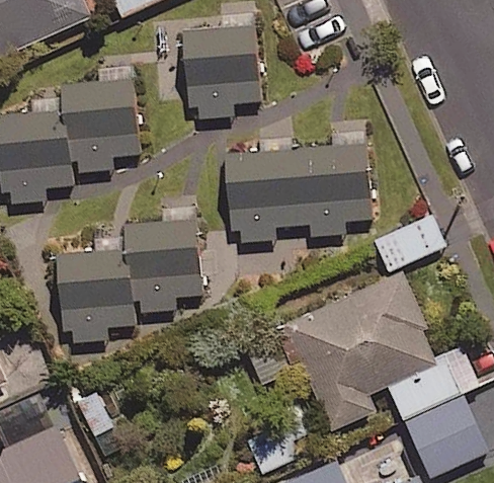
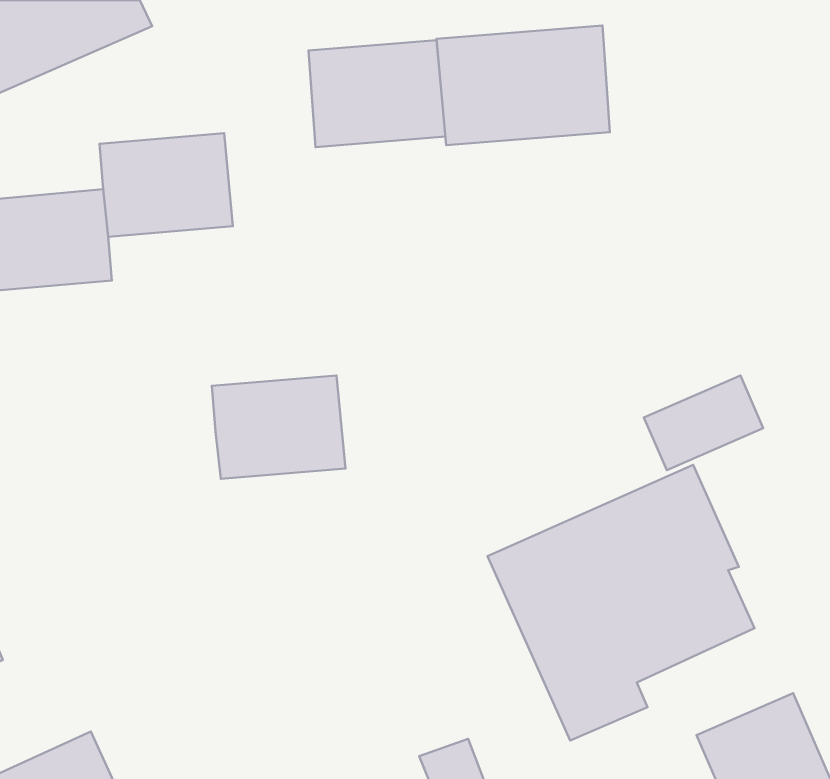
building: none -> [437,25,610,145]
building: [224,145,371,212] -> none
building: [57,253,132,312] -> none

